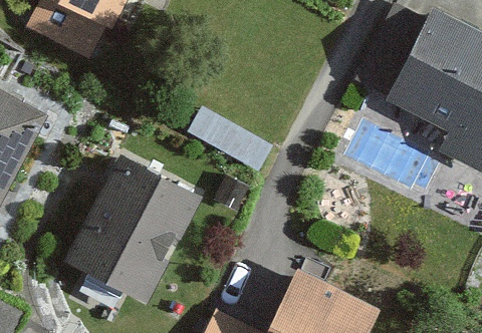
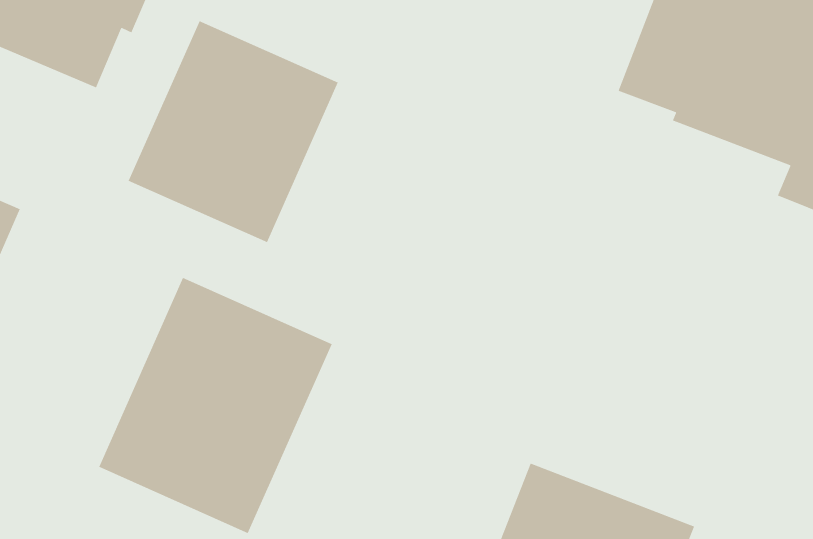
building: none -> [128,20,339,243]

